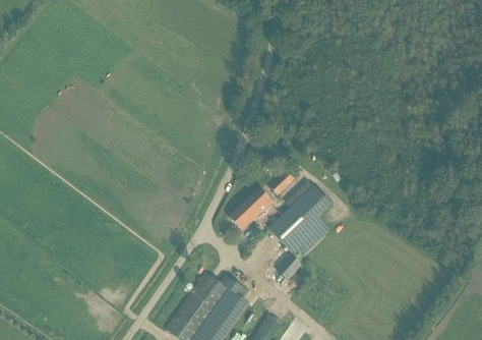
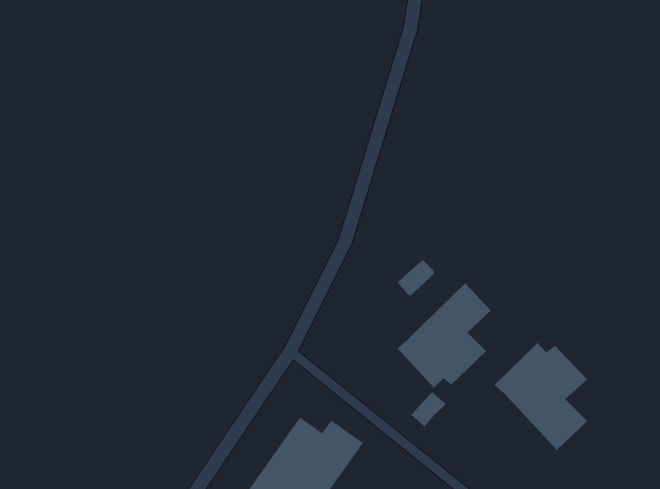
building: [230,188,274,231] -> none
building: none -> [494,342,588,451]

